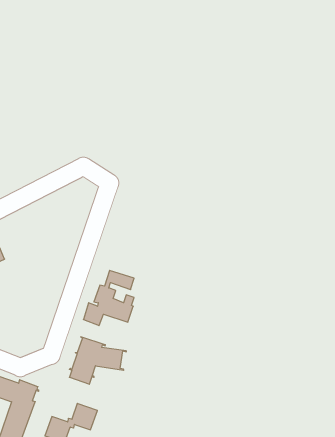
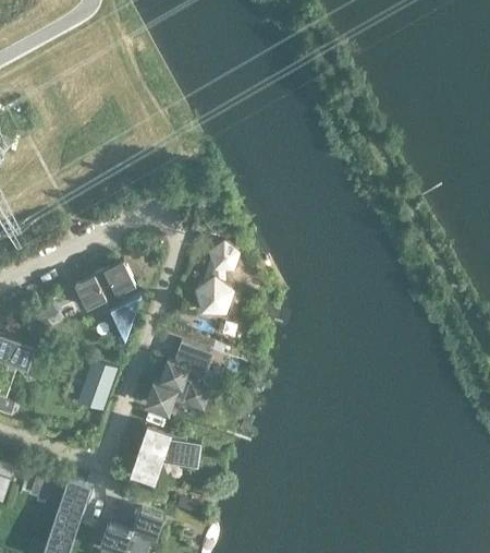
building: none -> [197,244,238,314]
building: none -> [75,262,137,336]
building: none -> [77,361,114,410]

